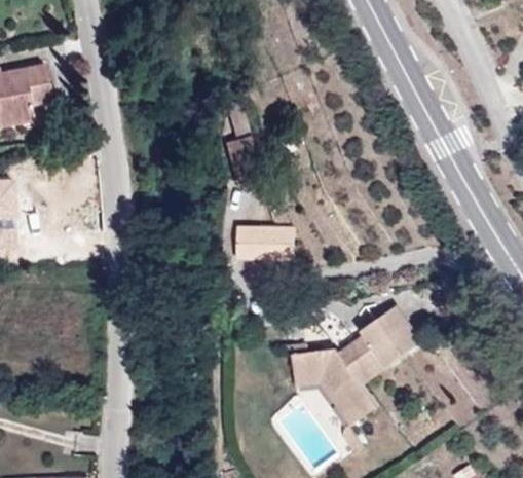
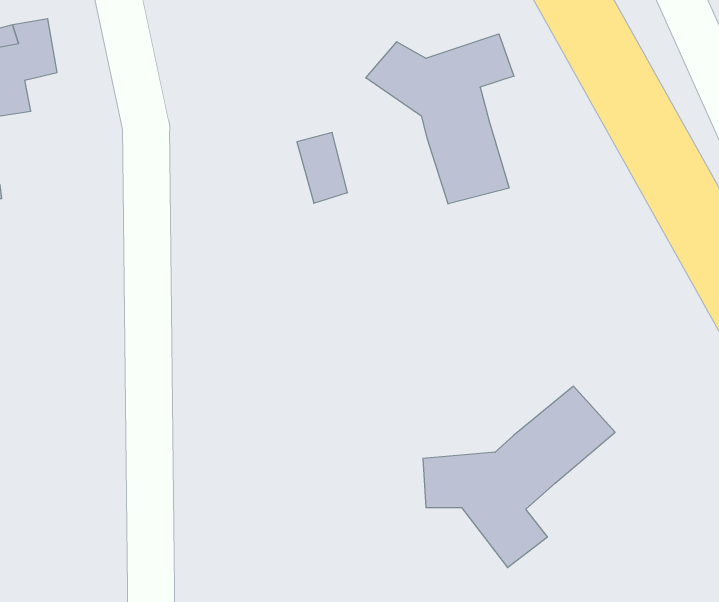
building: none -> [366,34,514,204]
building: [224,226,277,258] -> none

